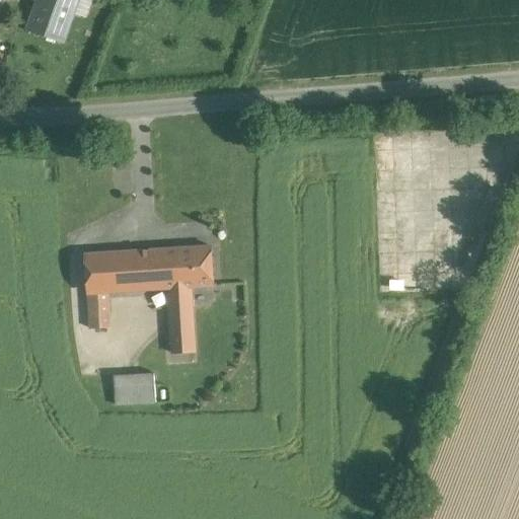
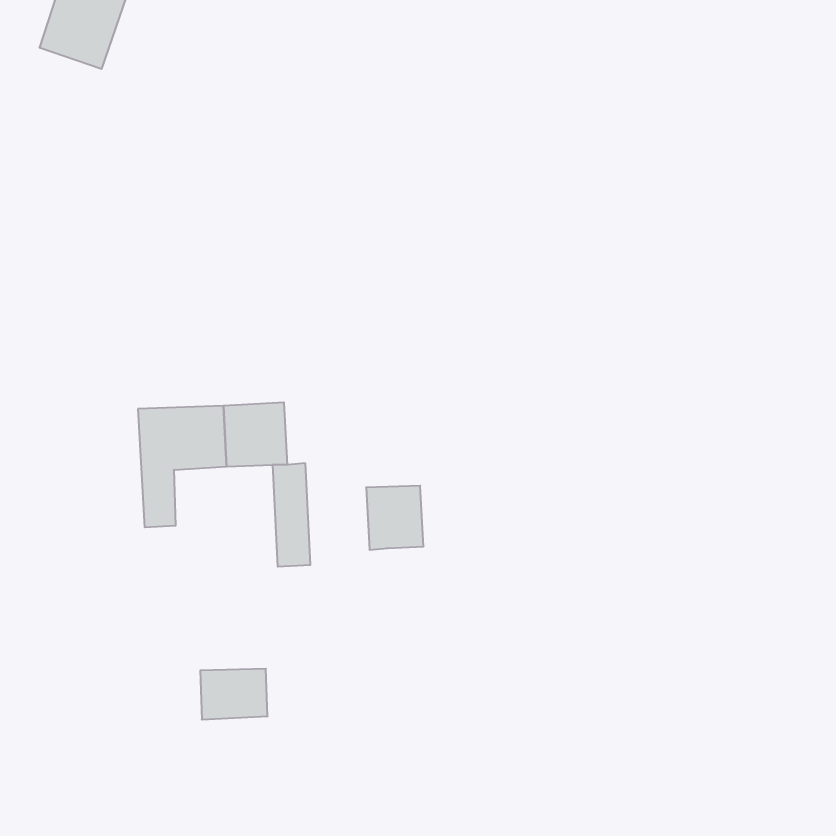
building: [175,247,211,287] -> [366,486,424,550]
building: [114,371,155,402] -> [200,669,268,720]

